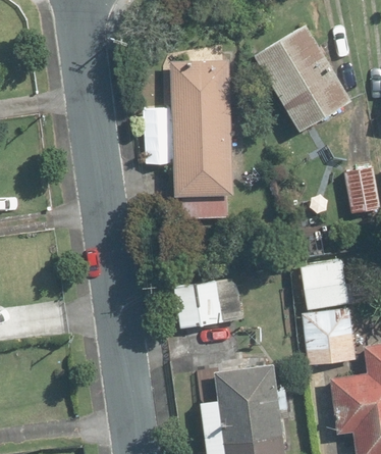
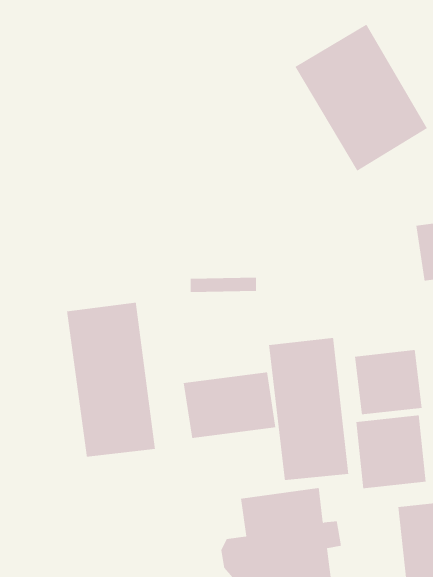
building: [158,59,232,195] -> none
building: none -> [66,302,155,458]
building: none -> [268,337,349,481]

